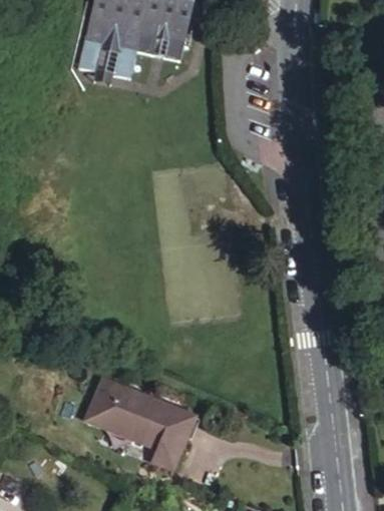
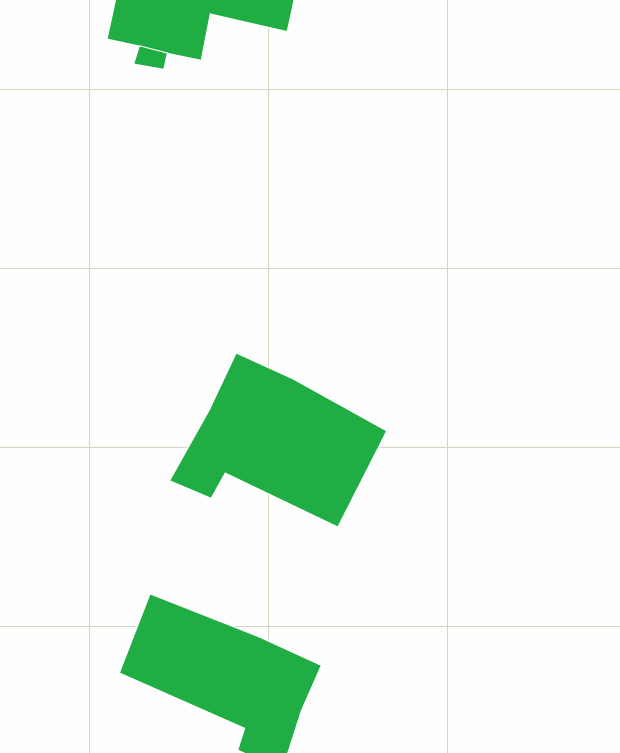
building: none -> [170,353,387,527]

